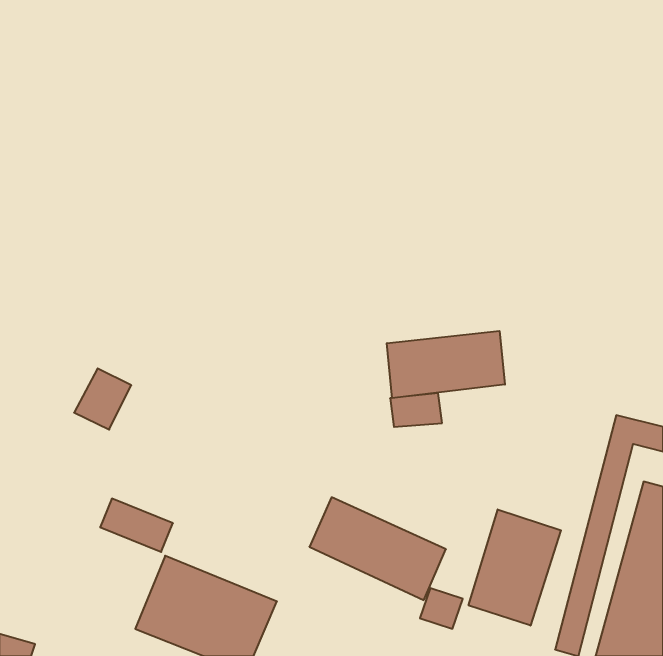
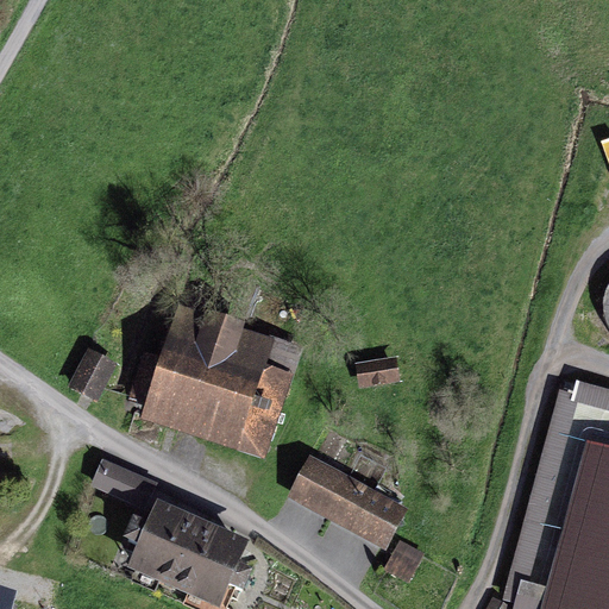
building: [387,331,505,398] -> none
building: none -> [144,306,288,457]
building: [469,509,561,626] -> none

